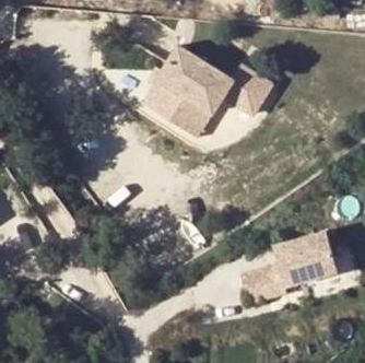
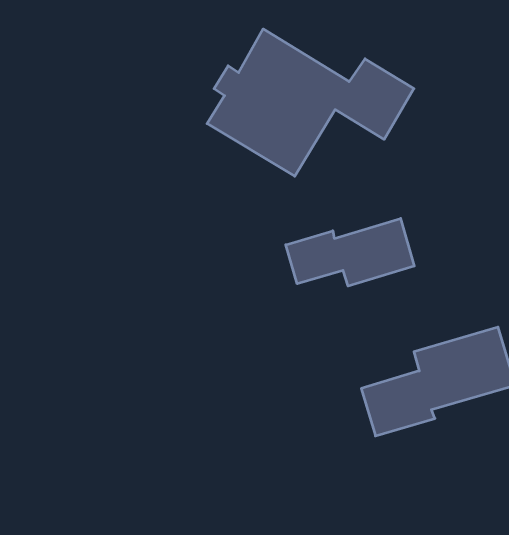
building: none -> [286,218,414,286]

